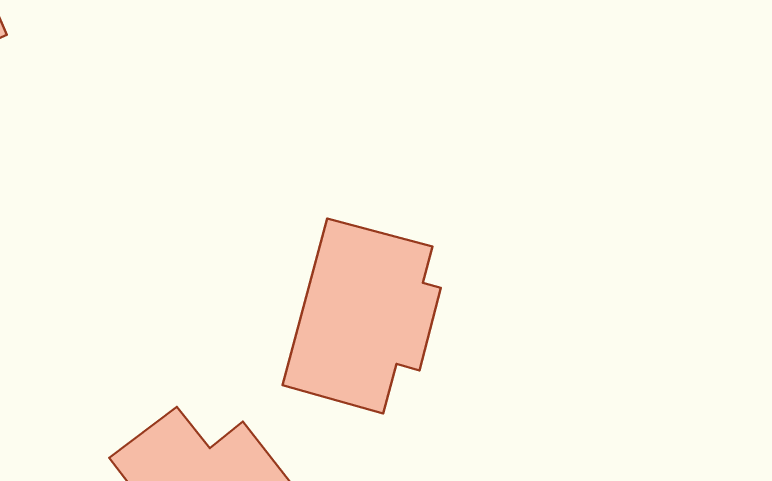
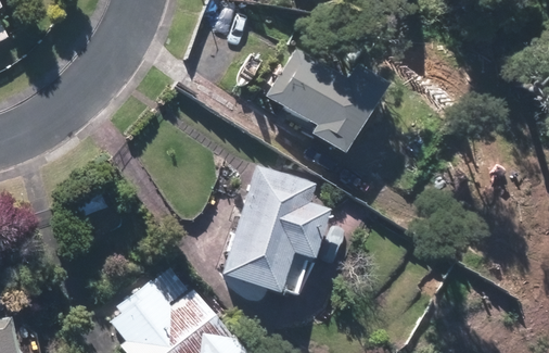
building: none -> [251,53,371,151]

